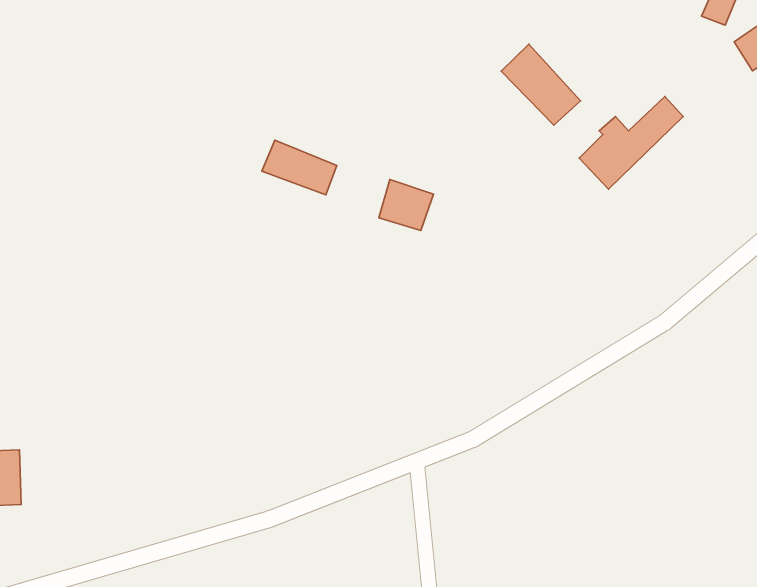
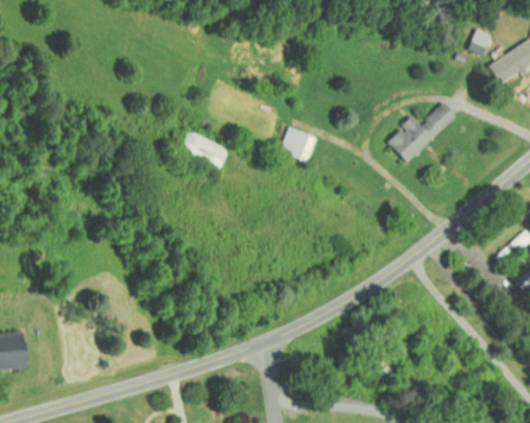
building: [501,44,580,125] -> none
building: [379,179,434,230] -> [282,127,317,160]

